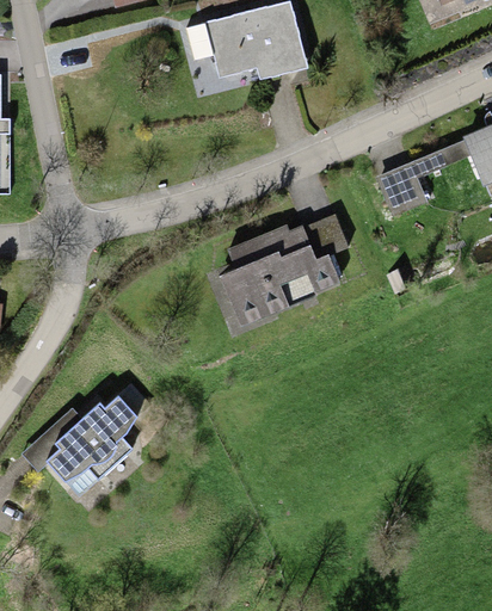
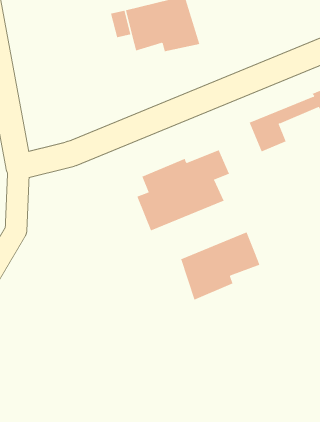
building: none -> [180,231,260,301]
building: [48,382,153,483] -> none

